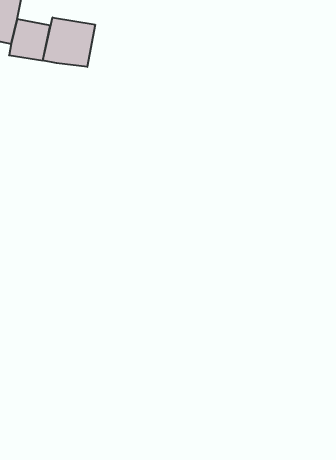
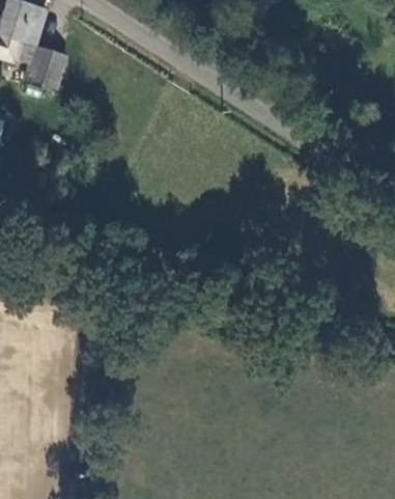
building: [43,17,95,67] -> none

